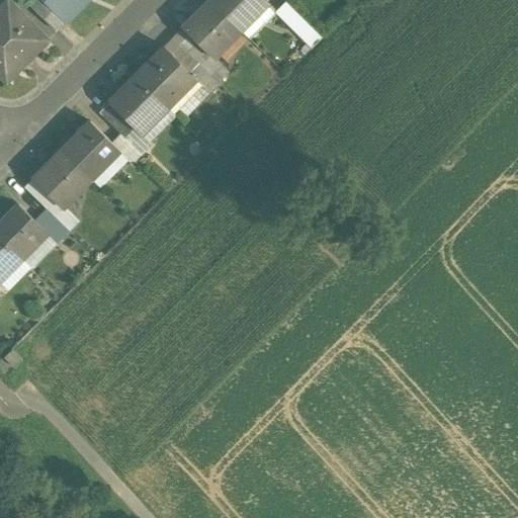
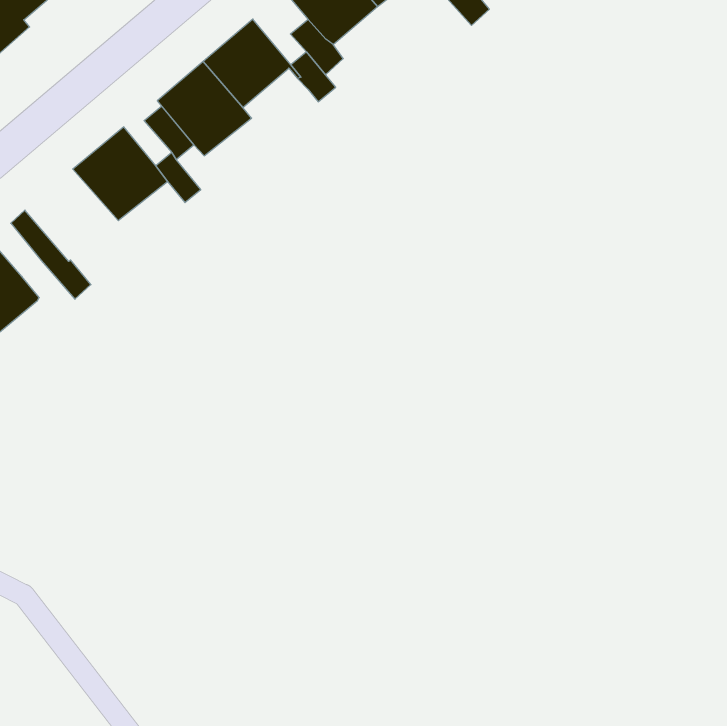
building: [162,74,201,113] -> none
building: [32,150,91,207] -> none
building: [34,208,69,244] -> none

